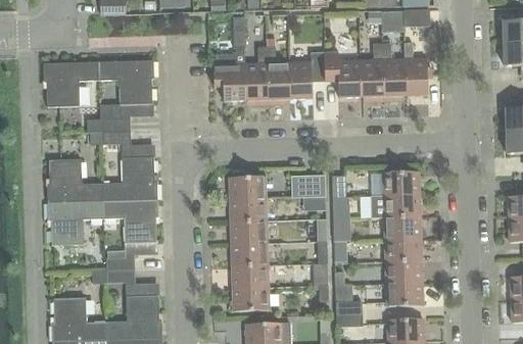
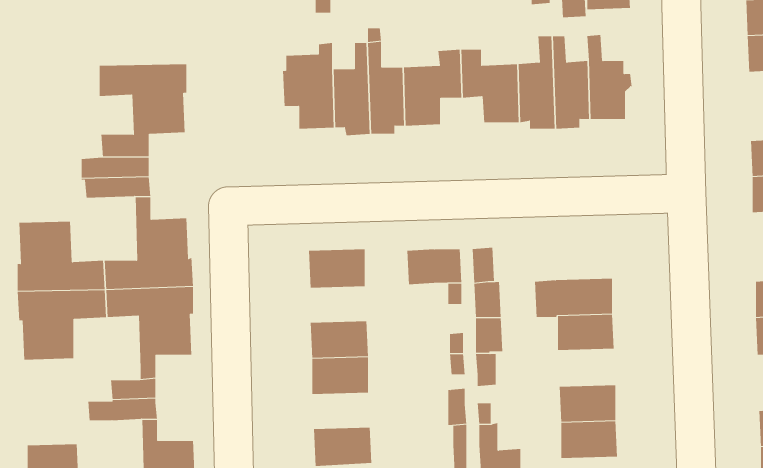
building: [43,61,98,106] -> none
building: [382,171,419,195] -> none
building: [230,199,266,222] -> none
building: [384,238,421,261] -> none
building: [231,265,268,288] -> none

